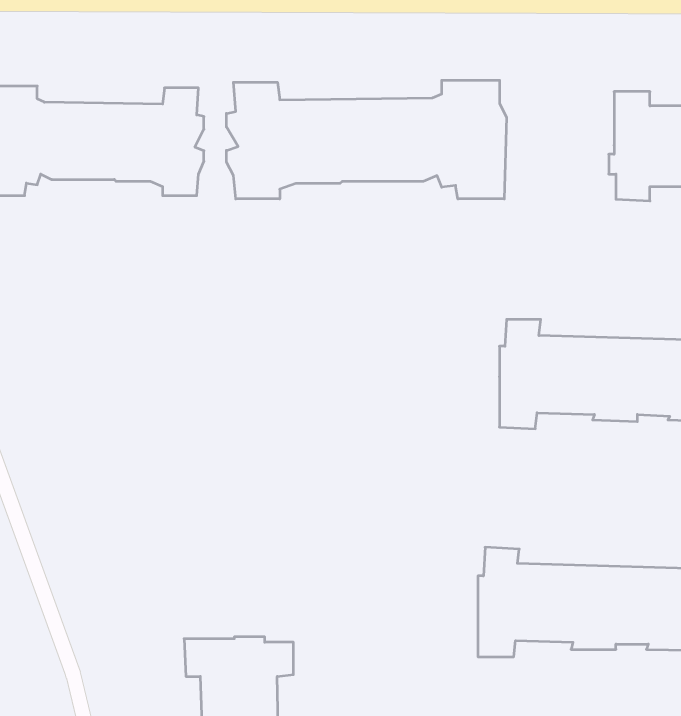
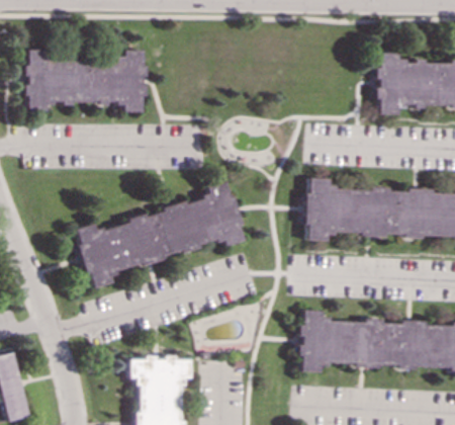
building: [226,80,507,199] -> none
building: none -> [73,181,244,288]

